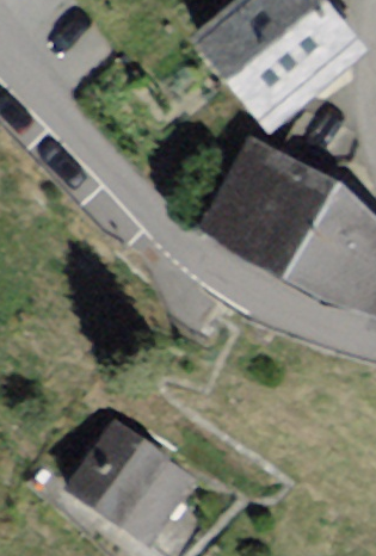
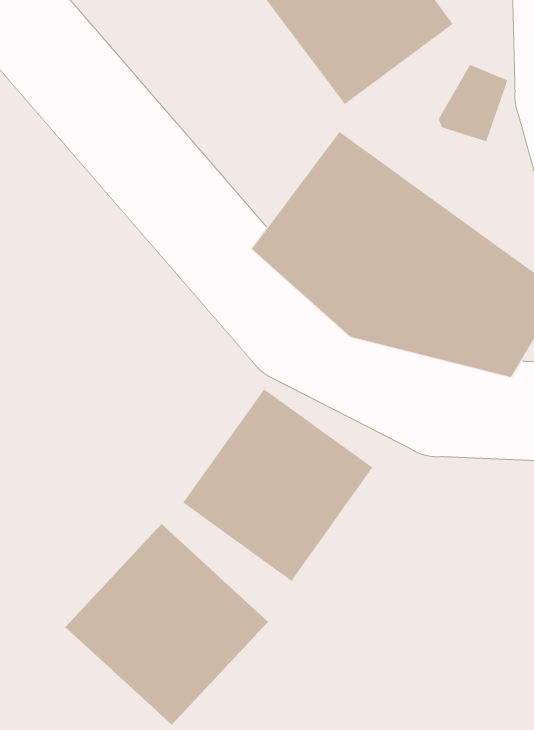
building: none -> [183,388,373,582]

